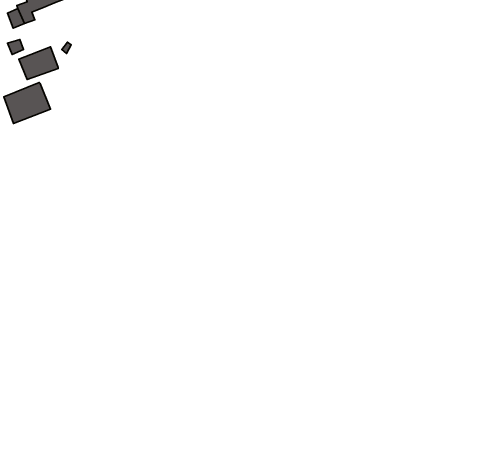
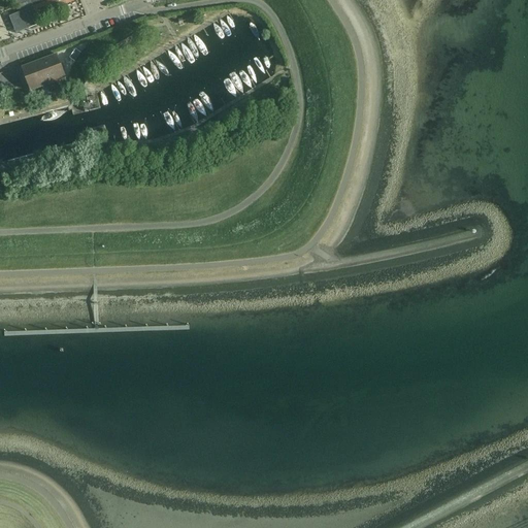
building: [4,82,50,123] -> none

